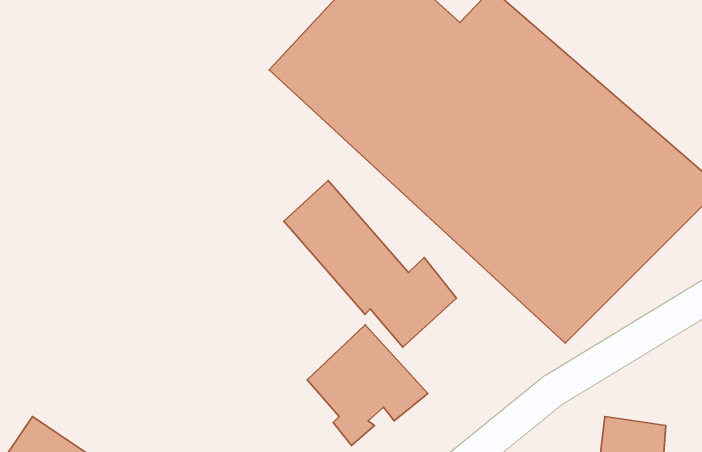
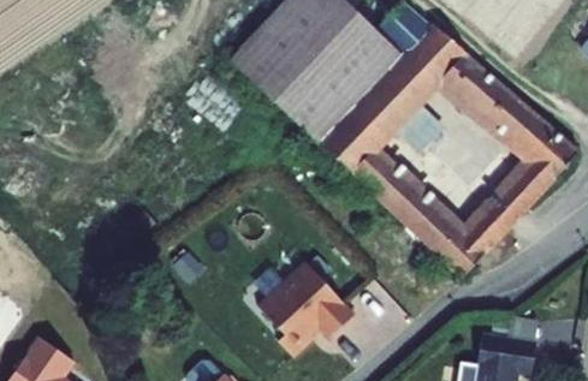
building: [284,181,456,347] -> none

